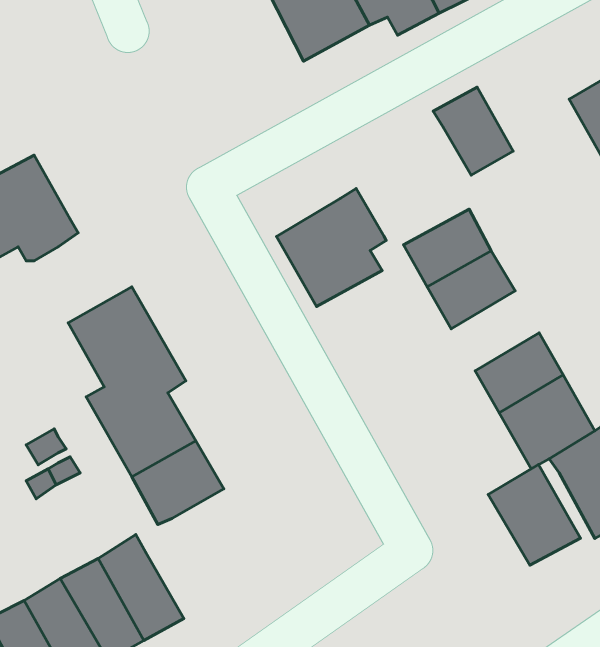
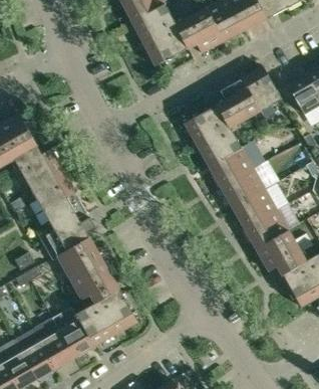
building: none -> [242,66,281,112]
building: [276,189,386,306] -> [185,100,240,159]
building: none -> [19,149,68,198]
building: none -> [229,182,273,222]
building: [488,465,581,565] -> none
building: none -> [75,281,137,347]

